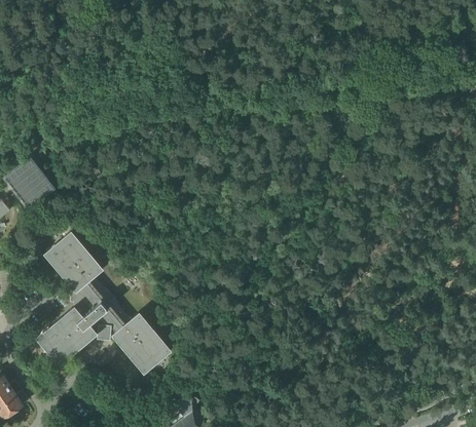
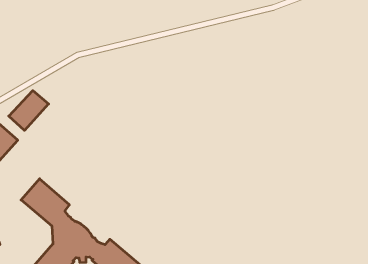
building: none -> [9,91,49,130]

